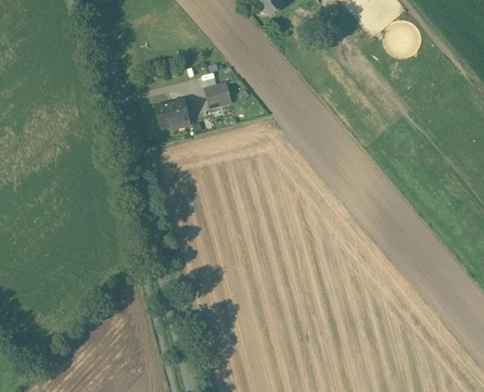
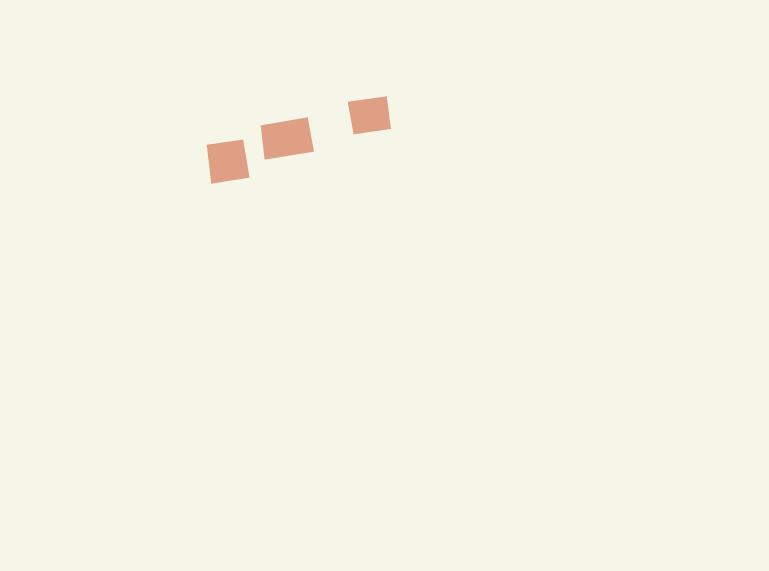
building: none -> [206,139,250,185]

